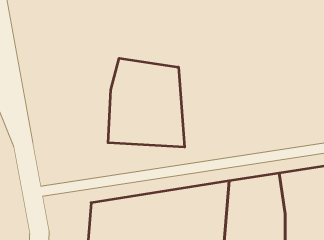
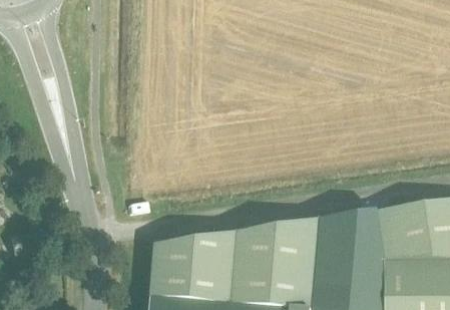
building: [108,58,185,147] -> none

